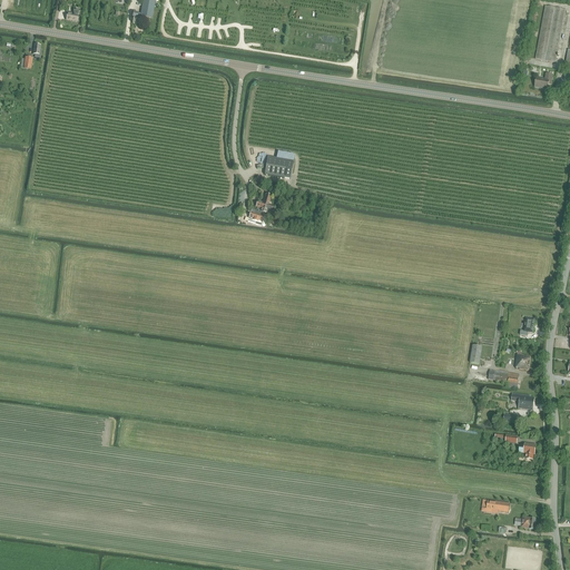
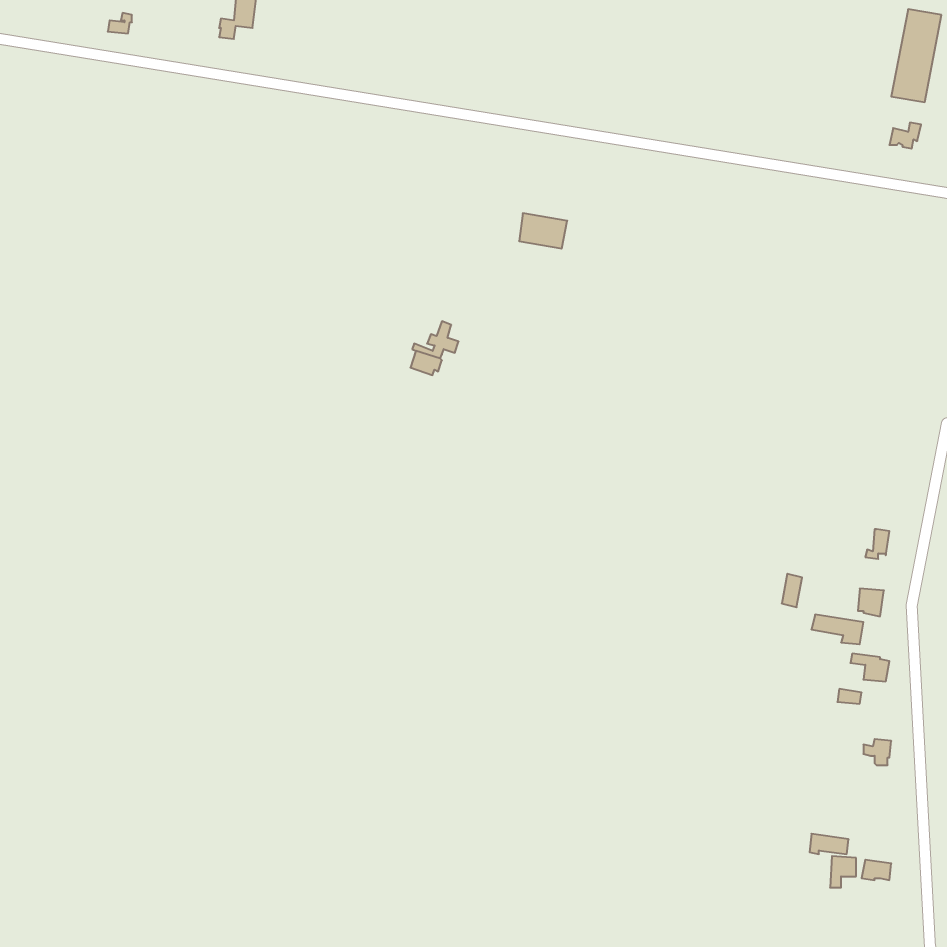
building: [264,157,293,178] -> [519,213,567,249]

